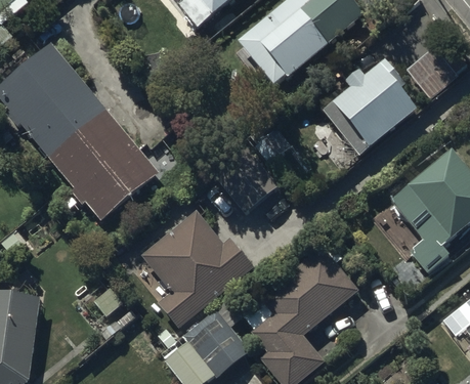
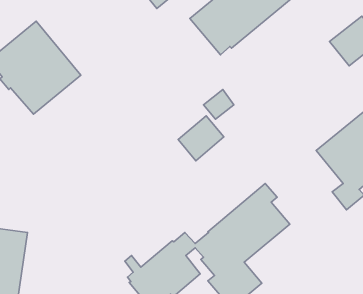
building: [324,59,421,155] -> none
building: [47,109,159,221] -> none
building: [141,210,253,329] -> none

